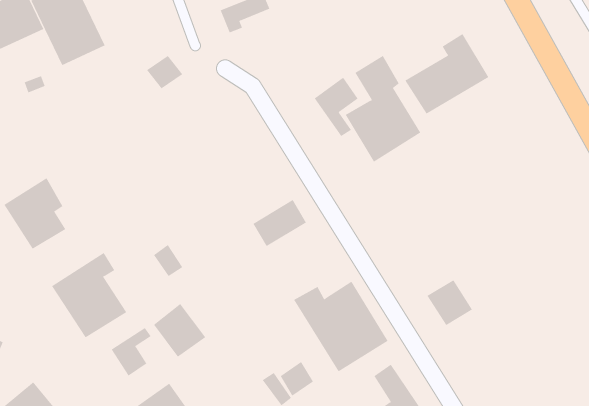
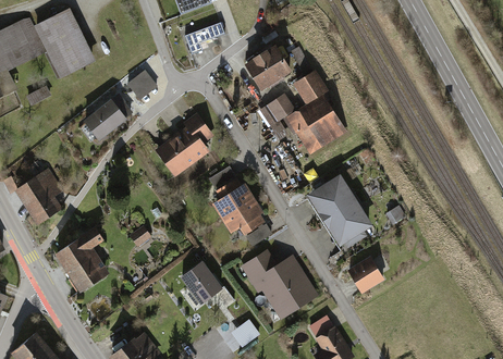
building: none -> [245,46,292,90]
building: [404,33,489,115] -> none
building: none -> [84,92,133,139]
building: none -> [156,110,214,175]
building: none -> [309,178,372,249]
building: none -> [222,203,266,240]
building: [153,303,206,358] -> [181,259,223,302]
building: [111,327,152,377] -> none

